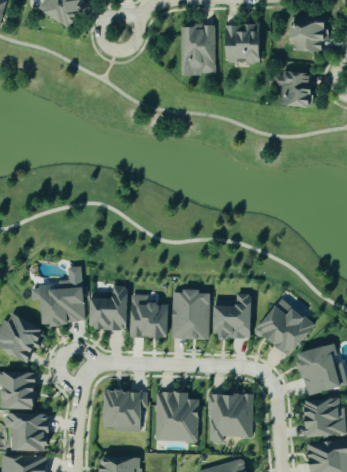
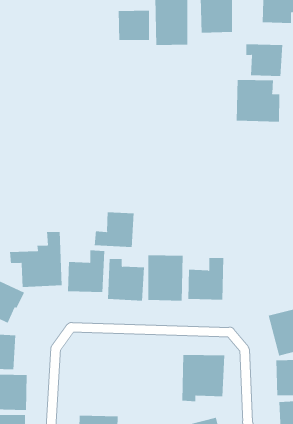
building: none -> [118,10,149,41]
building: none -> [236,79,280,122]
building: none -> [94,212,134,248]
building: [255,297,314,356] -> none
building: [104,390,143,431] -> none
building: [154,391,198,441] -> none

